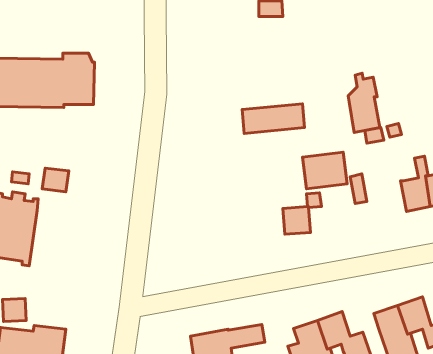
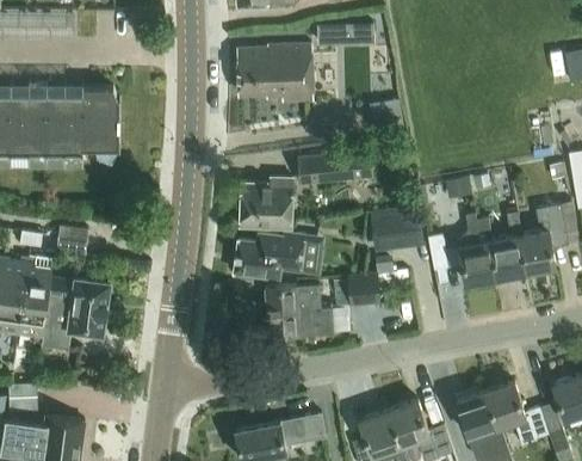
building: none -> [239,45,312,103]
building: [348,73,380,132] -> [458,214,496,285]
building: none -> [240,179,292,229]
building: none -> [234,234,305,281]
building: none -> [42,278,111,349]
building: none -> [266,287,333,338]

